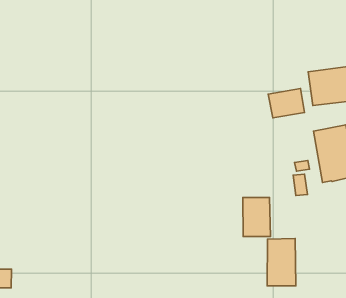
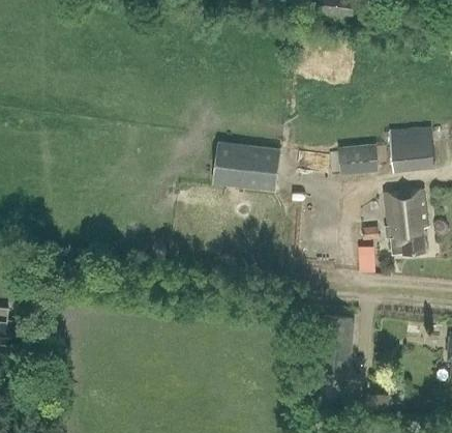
building: none -> [212,142,279,192]
building: [243,198,271,237] -> none

